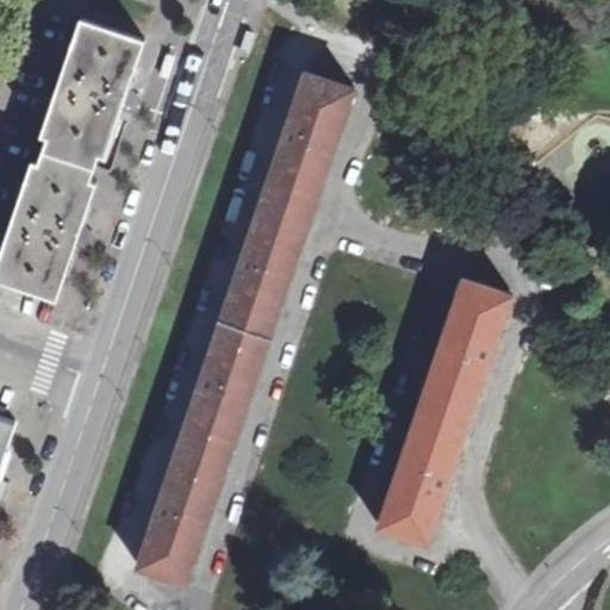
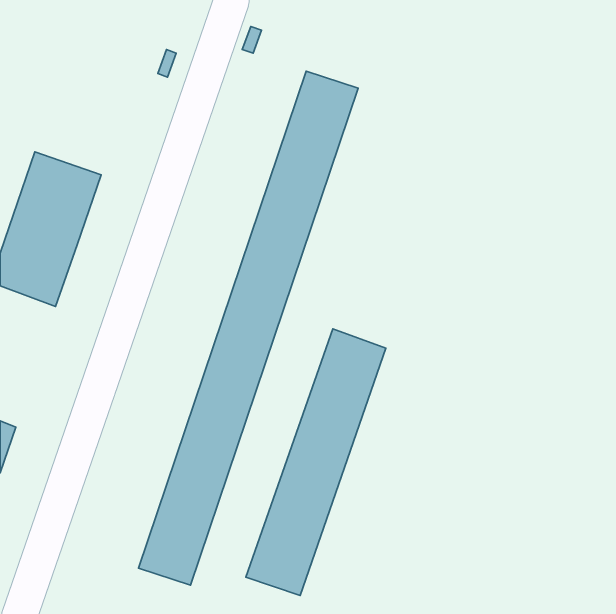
building: [35,23,145,175] -> none
building: [373,276,511,540] -> [246,329,386,595]

